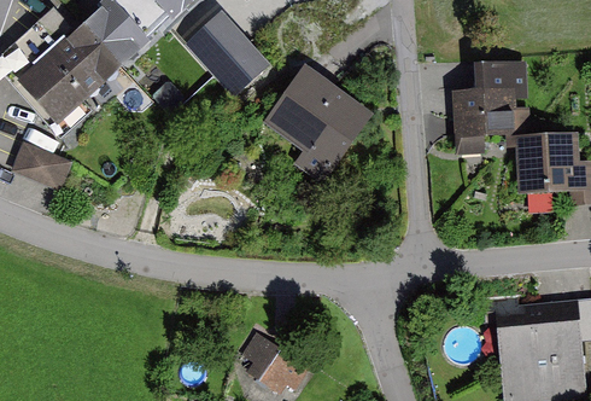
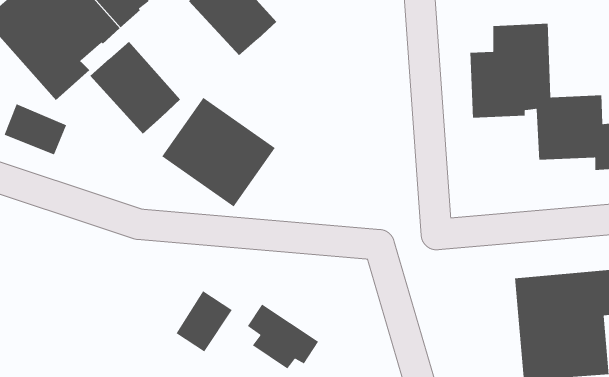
building: [264,64,373,169] -> [161,97,276,208]
building: none -> [89,41,181,134]
building: none -> [175,290,233,352]

